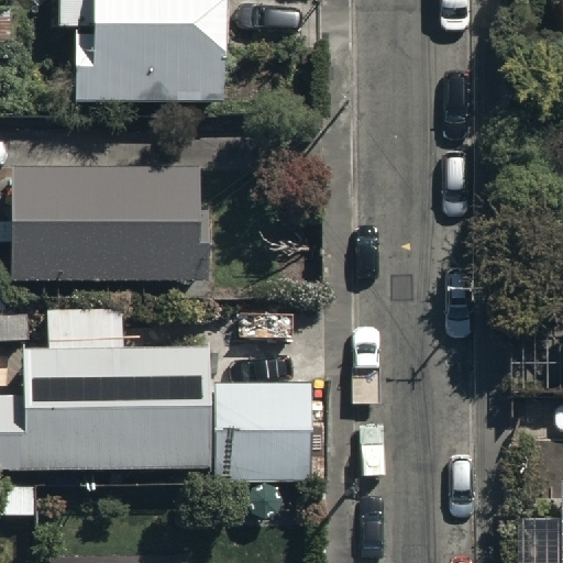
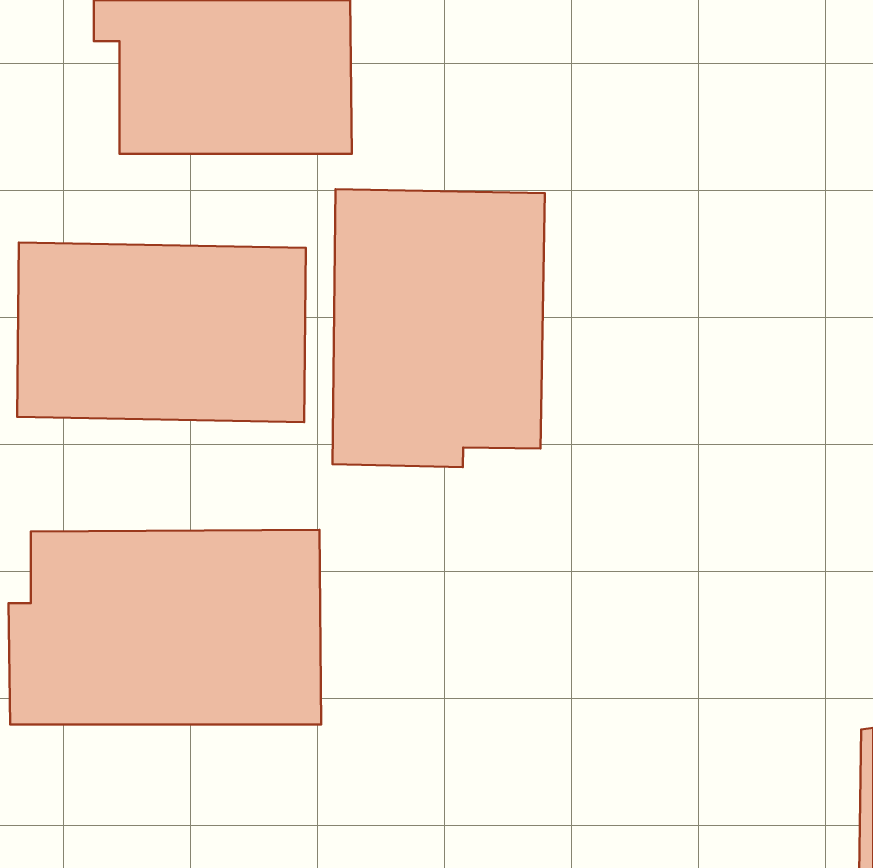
building: none -> [332,189,545,467]
building: [213,379,309,482] -> none

